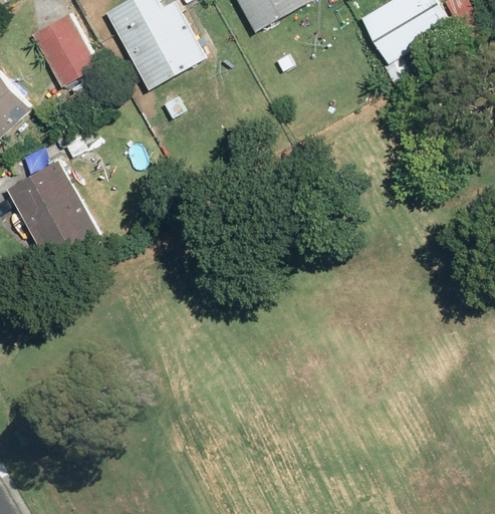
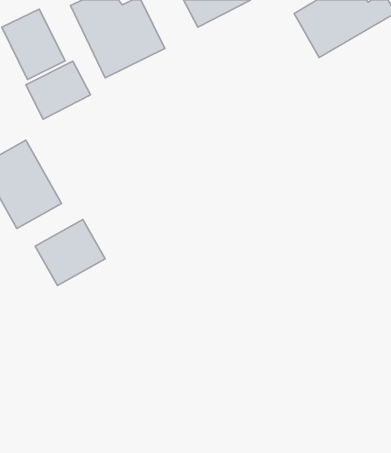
building: none -> [26,61,91,119]
building: none -> [35,219,105,286]

